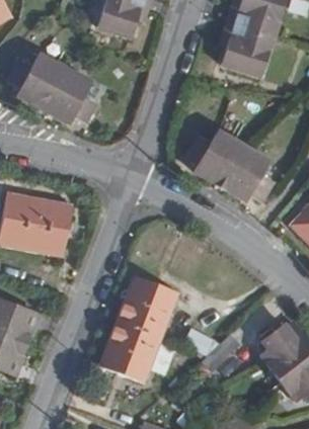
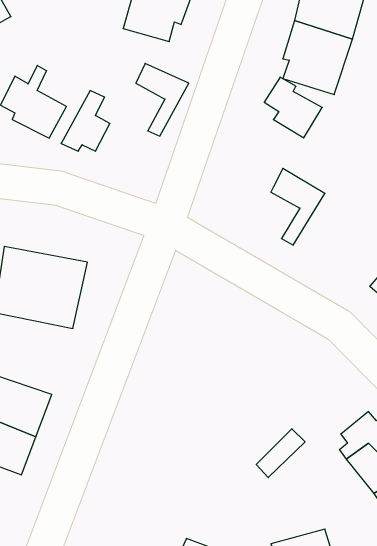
building: [32,60,73,115] -> [136,63,189,136]
building: [189,142,234,188] -> [264,77,322,138]
building: [229,154,274,204] -> none
building: [95,278,176,384] -> none

